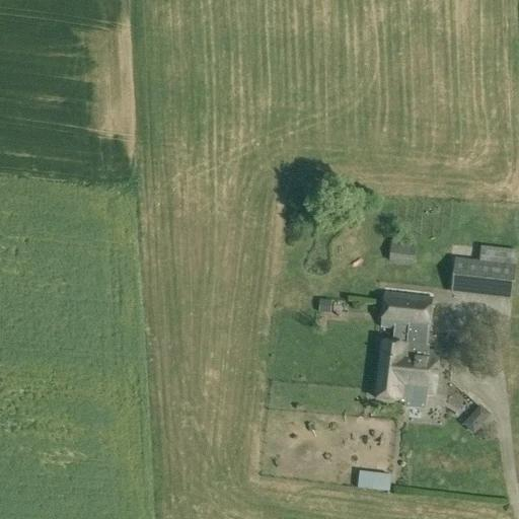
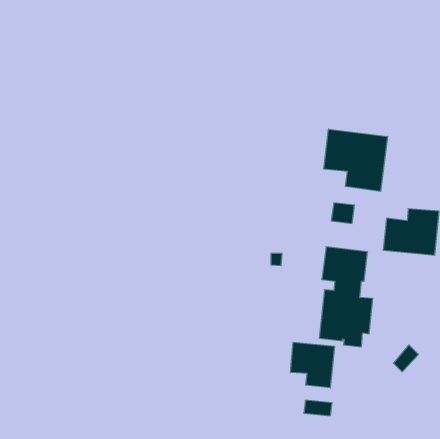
building: none -> [324,129,388,191]
building: none -> [291,342,334,388]

